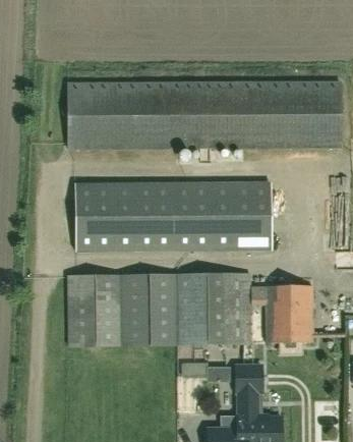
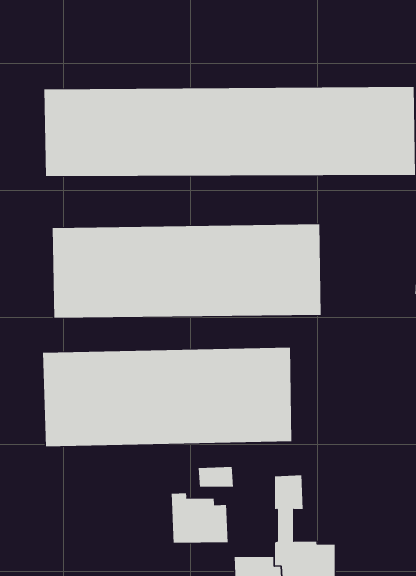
building: [266,284,312,341] -> none
building: none -> [171,493,228,544]

